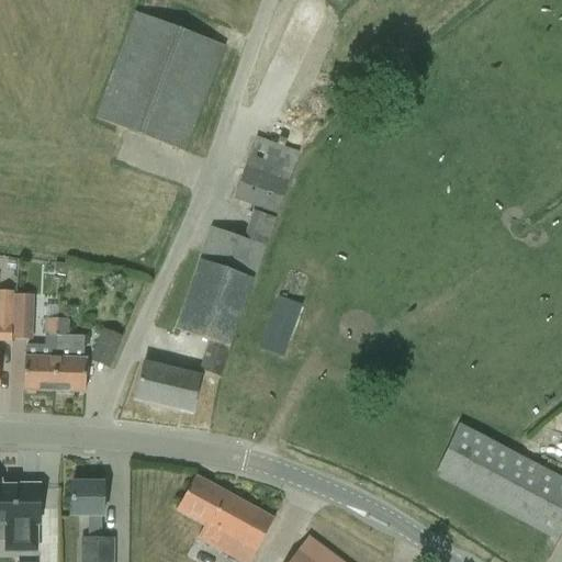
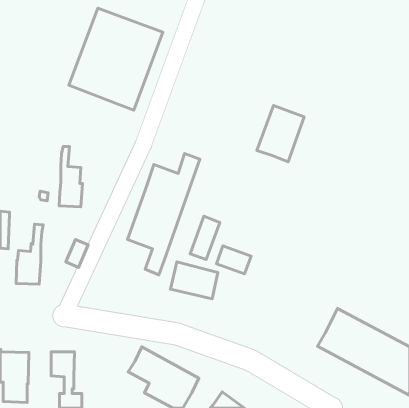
building: [234,136,299,213] -> [257,106,304,162]
building: [12,293,34,339] -> none
building: [55,307,87,390] -> [59,147,82,207]
building: none -> [217,246,251,274]
building: [135,360,200,411] -> [171,262,218,299]

